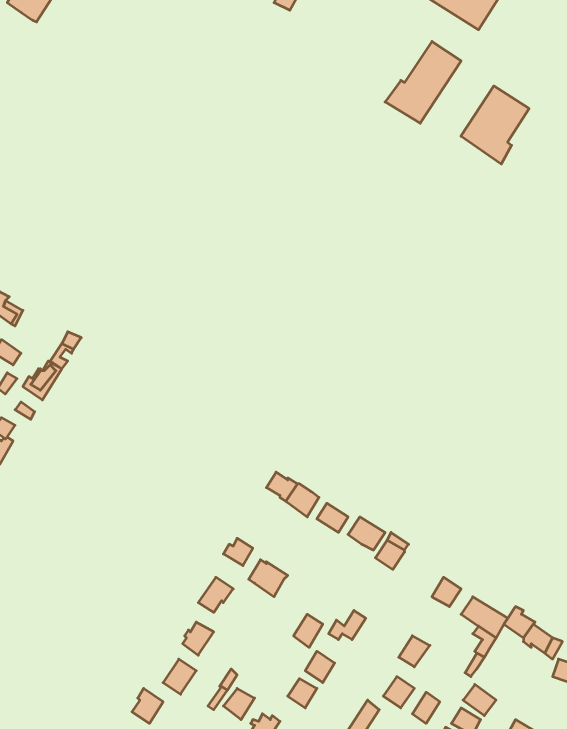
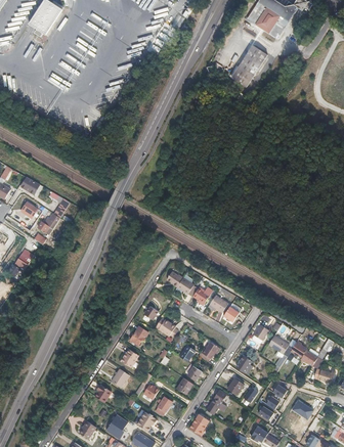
building: [461,86,529,164] -> none

